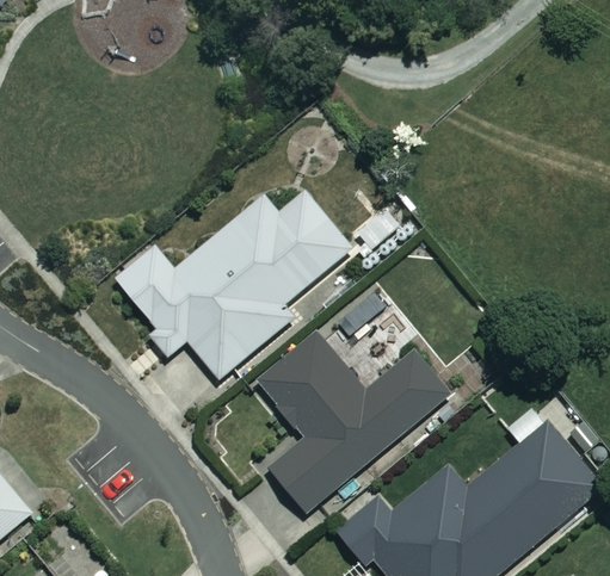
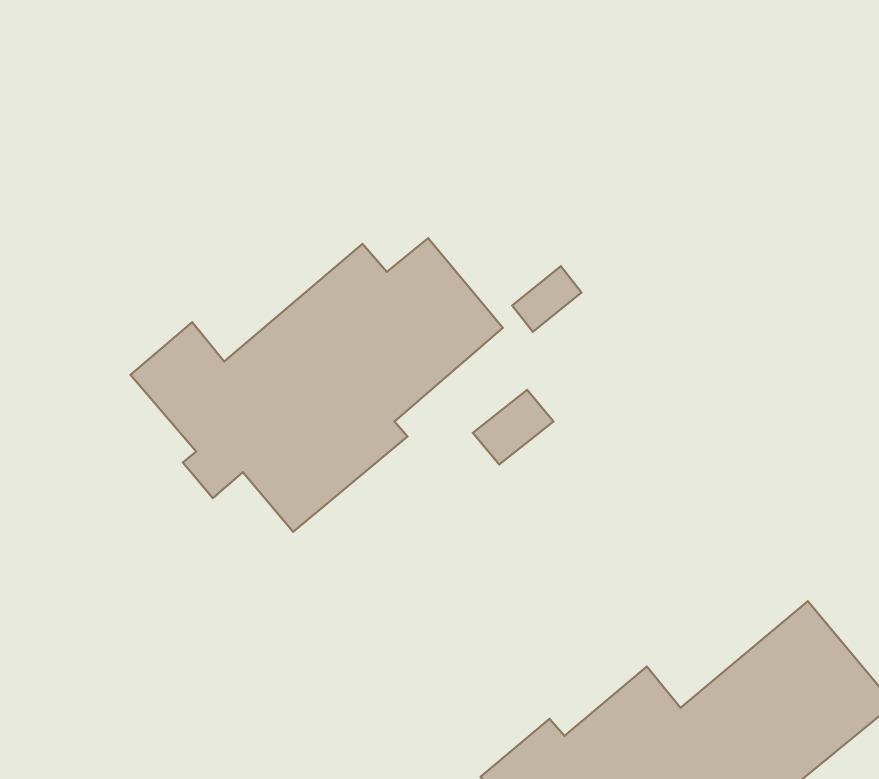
building: [258,334,449,513] -> none

